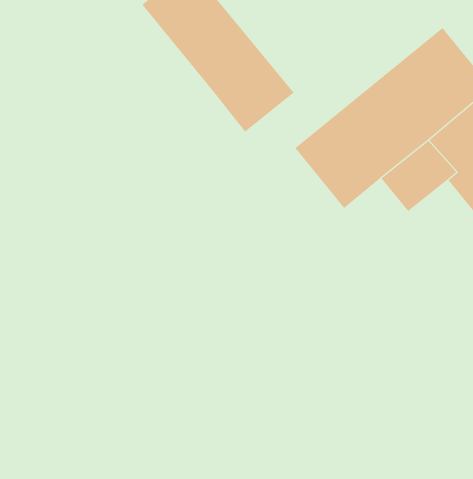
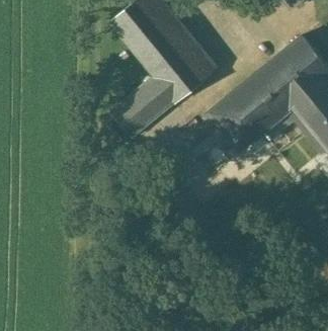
building: none -> [113,74,178,135]

